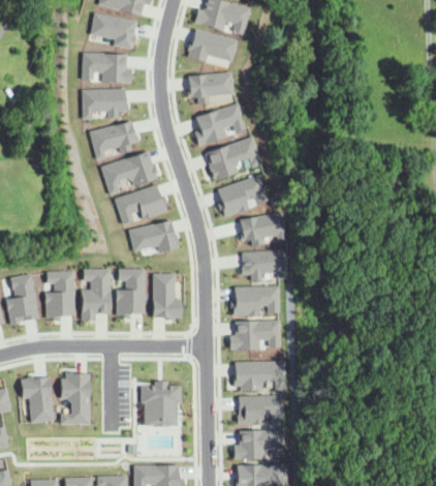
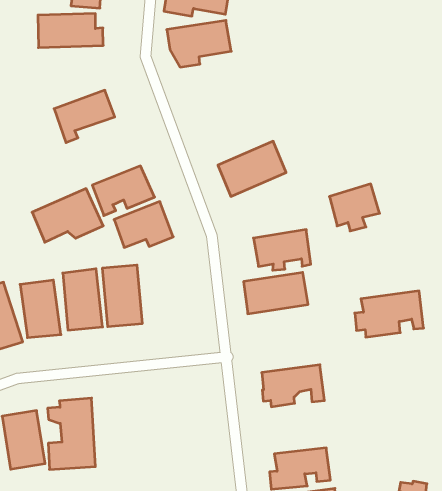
building: [83,90,130,121] -> none
building: [192,99,250,146] -> none
building: [201,135,267,184] -> none
building: [98,145,156,186] -> [32,189,103,242]
building: [238,212,278,249] -> [329,184,380,231]
building: [150,273,180,317] -> none
building: [225,317,281,352] -> [355,291,424,337]
building: [143,378,185,426] -> none
building: [240,397,285,427] -> none

